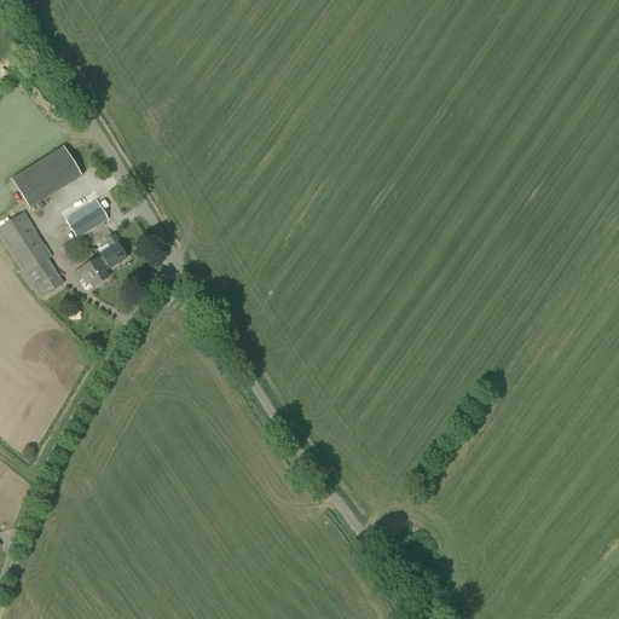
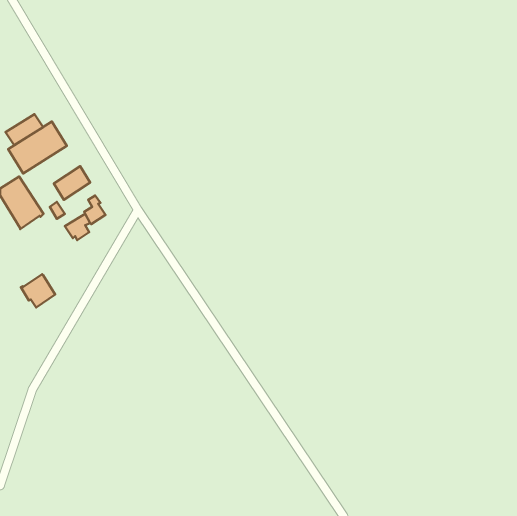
building: none -> [6,114,43,145]
building: [23,258,64,297] -> [21,274,55,308]

